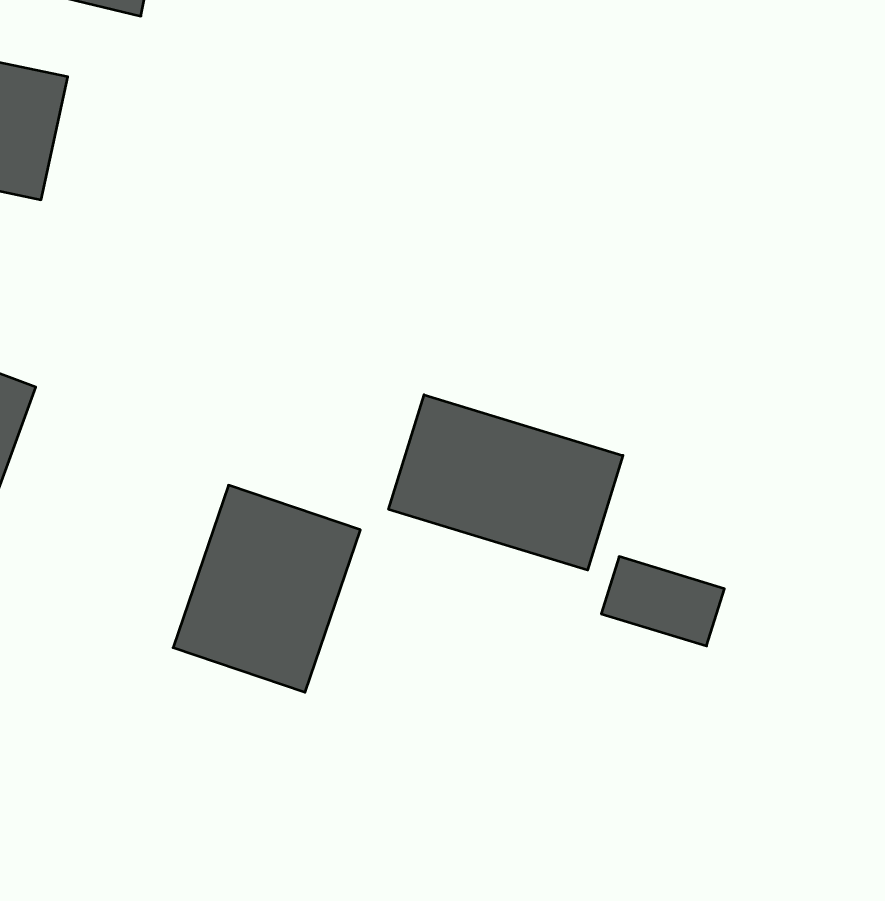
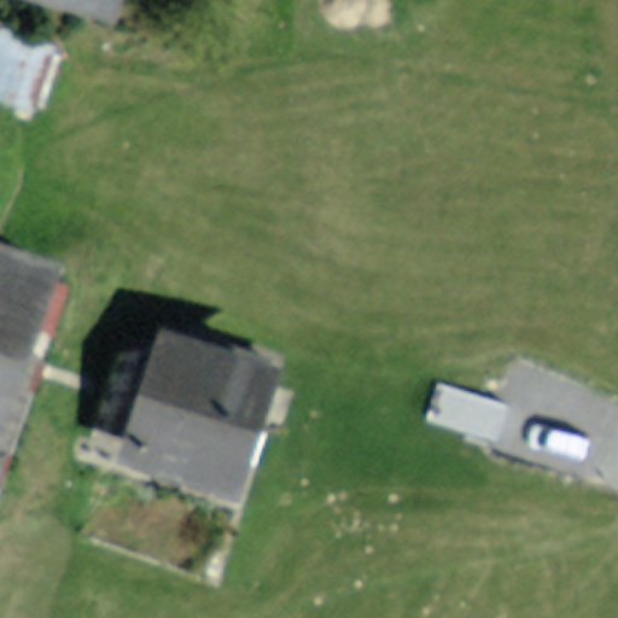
building: [389,395,623,570] -> none

